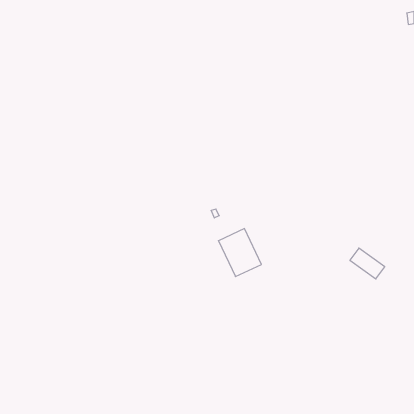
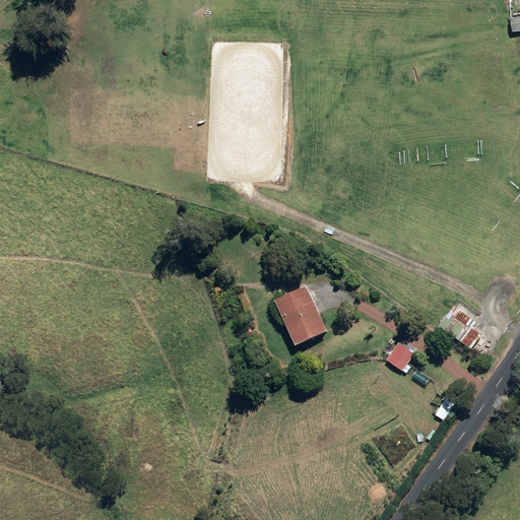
building: none -> [385,341,413,370]

